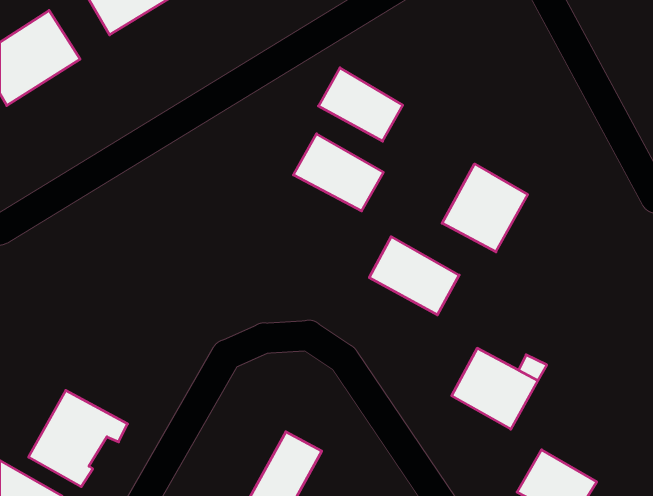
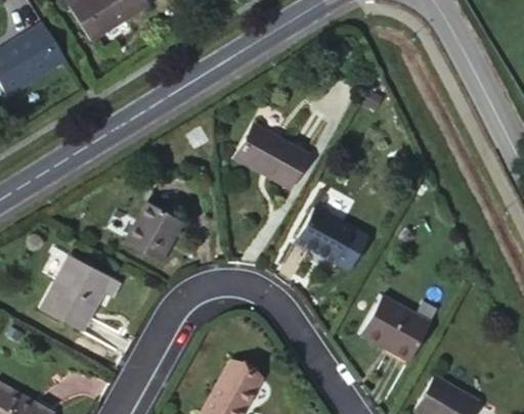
building: [318,68,403,141] -> none
building: [442,164,528,252] -> none
building: none -> [125,201,184,261]
building: [29,390,128,487] -> [40,255,119,331]

